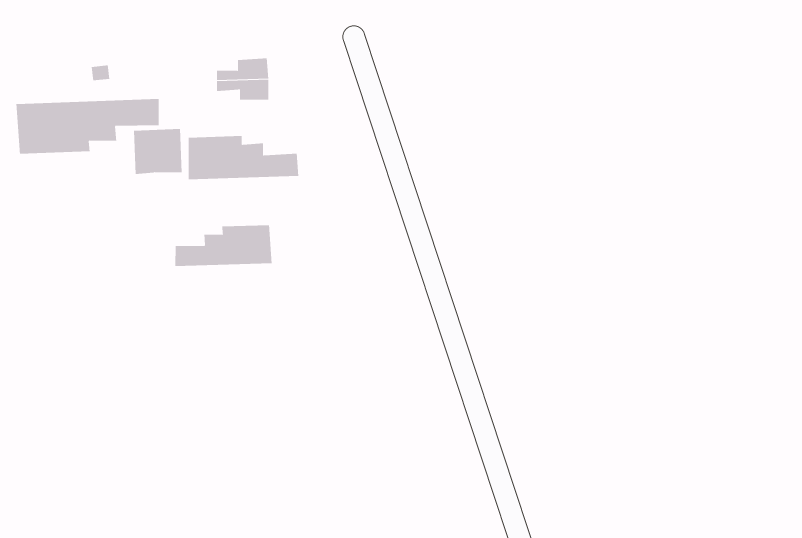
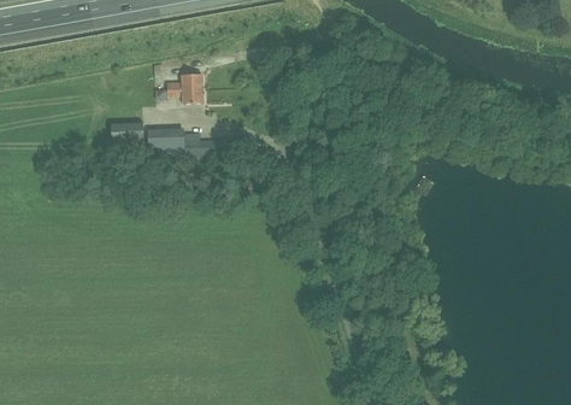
building: [16,98,159,154] -> none
building: [175,224,272,267] -> none

